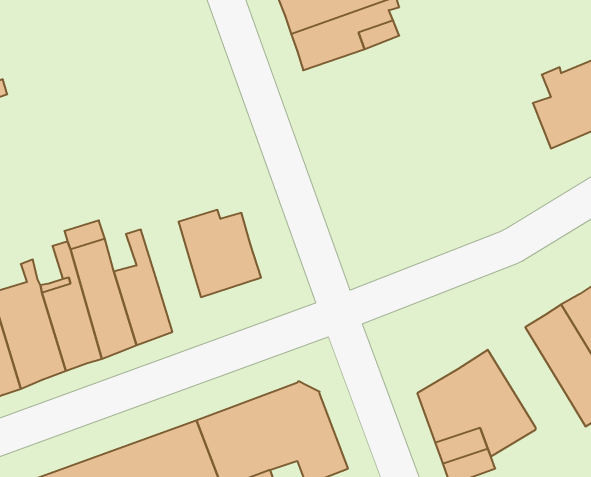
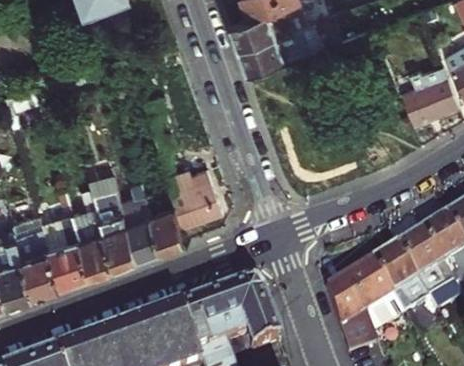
building: none -> [151,204,186,247]
building: none -> [372,244,428,311]

